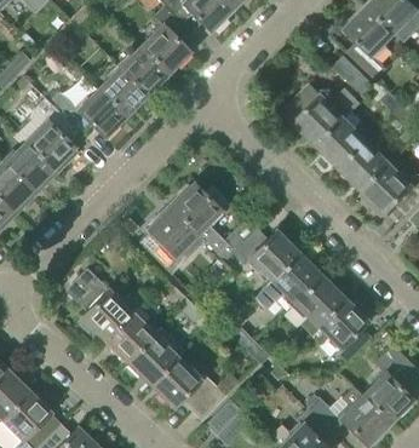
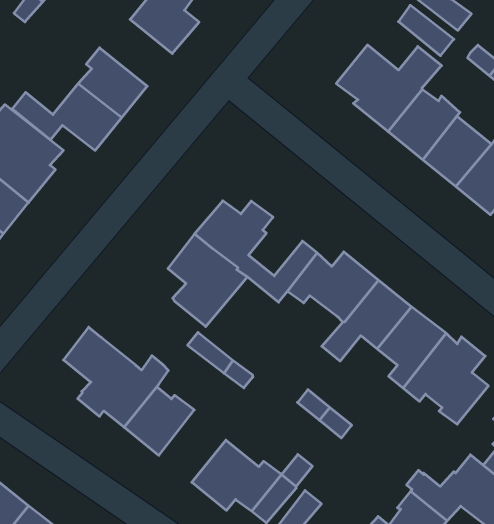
building: [115,47,167,97] -> none
building: [127,329,183,386] -> none

